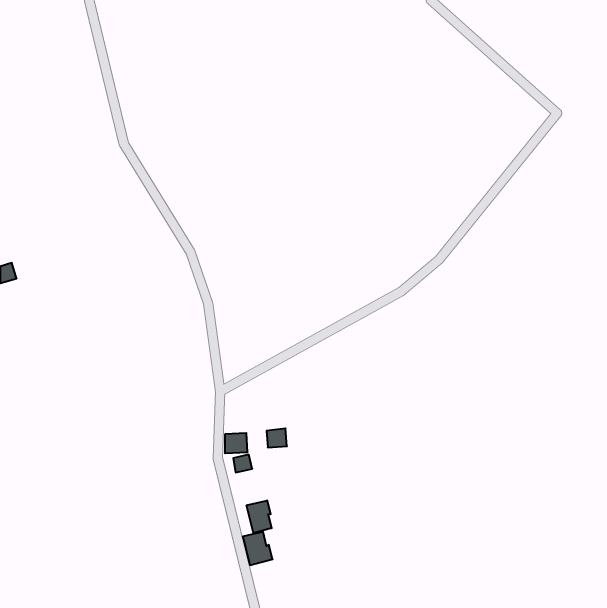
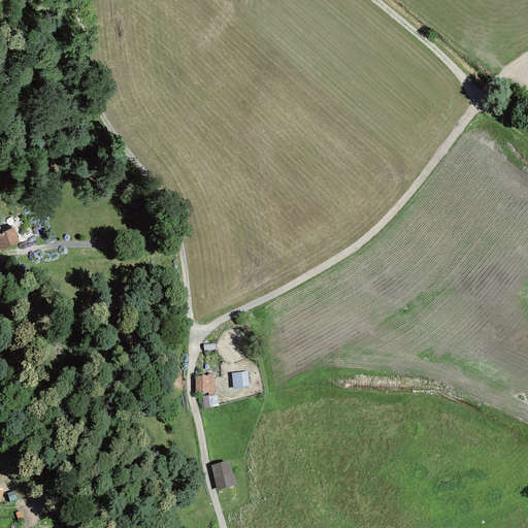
building: [247,500,272,533] -> none

